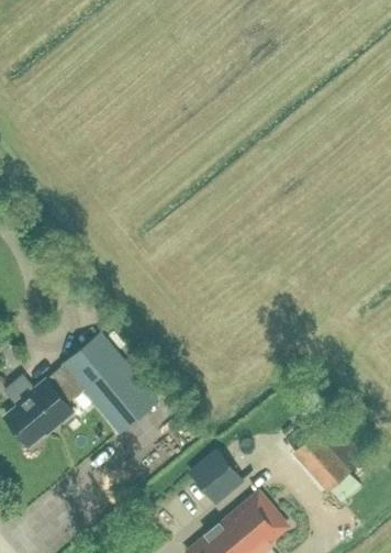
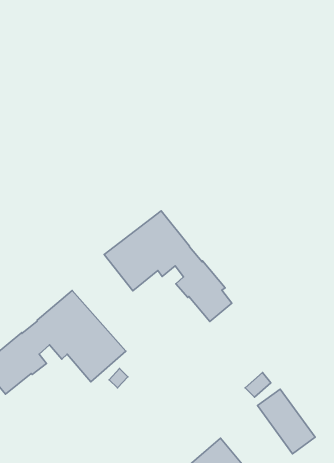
building: none -> [104,211,232,321]
building: [191,450,244,502] -> none

